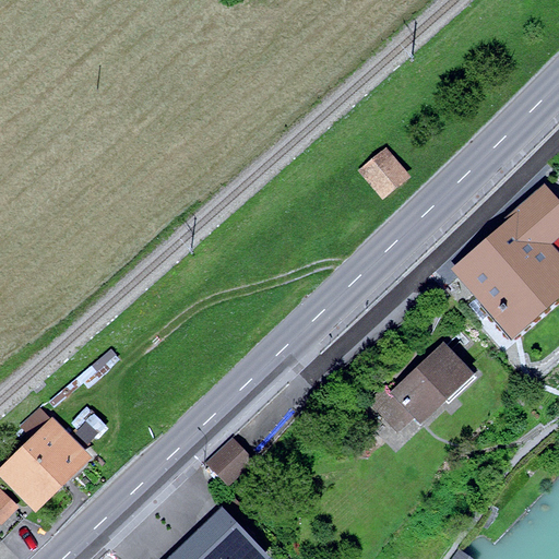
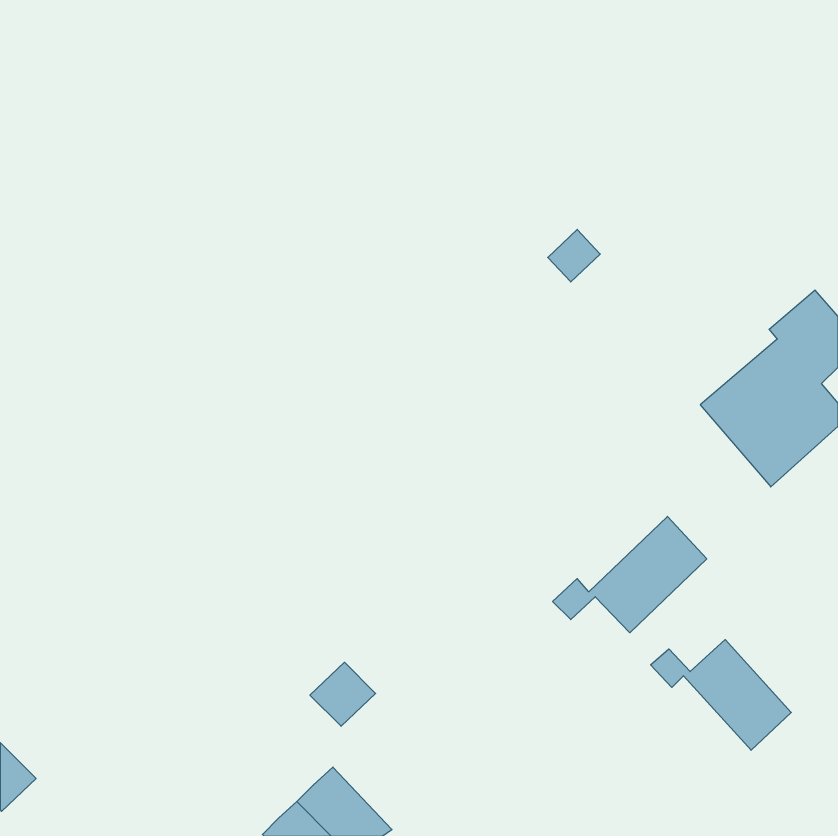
building: [4,423,81,499] -> none
building: none -> [651,640,791,750]

